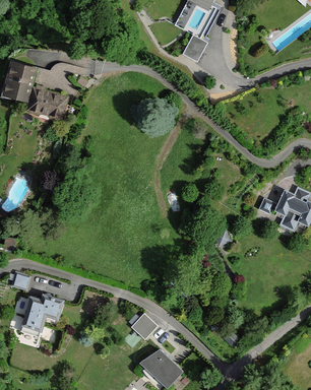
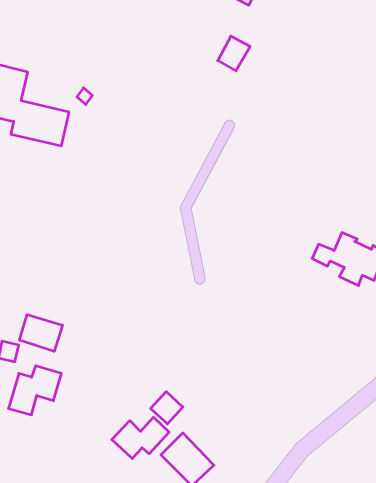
building: none -> [20,315,62,351]
building: none -> [112,417,169,459]

